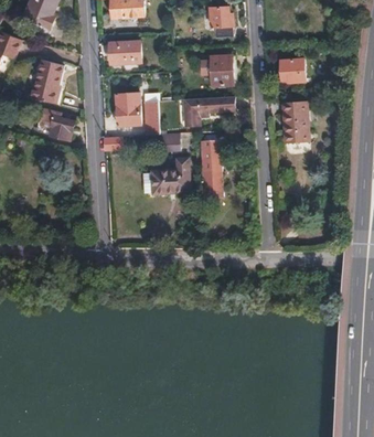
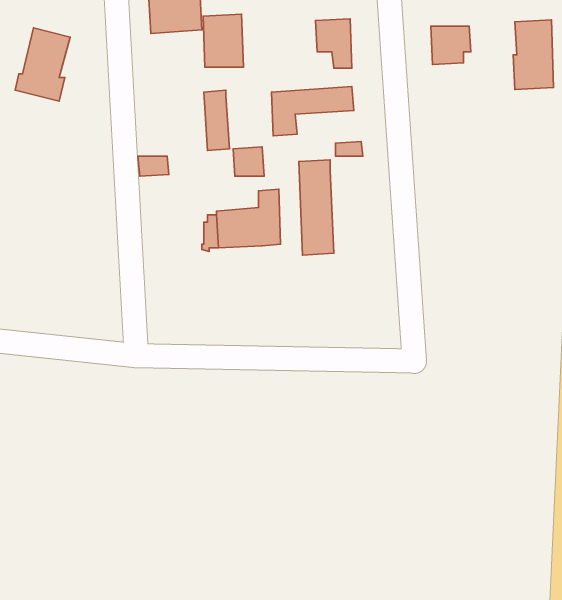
building: [116,94,140,126] -> [203,14,243,67]
building: [286,102,310,143] -> [513,20,553,89]
building: [41,109,74,140] -> none

